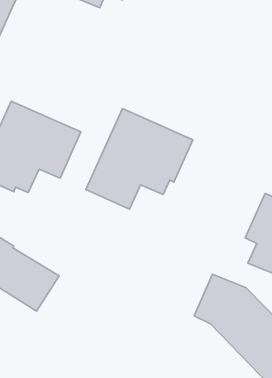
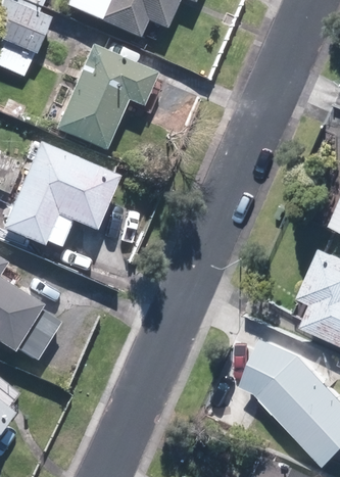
building: none -> [56,46,156,149]
building: [86,109,193,209] -> none

